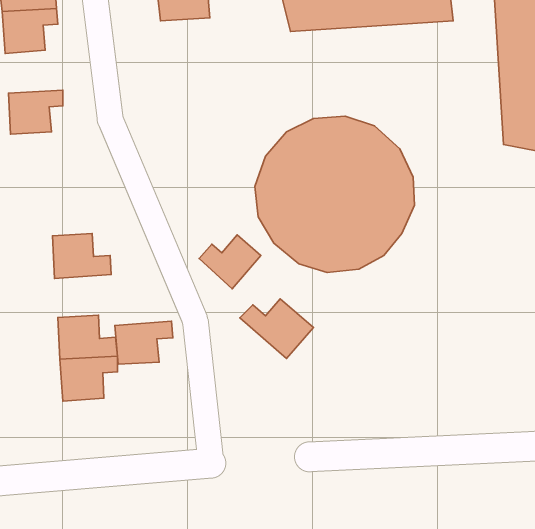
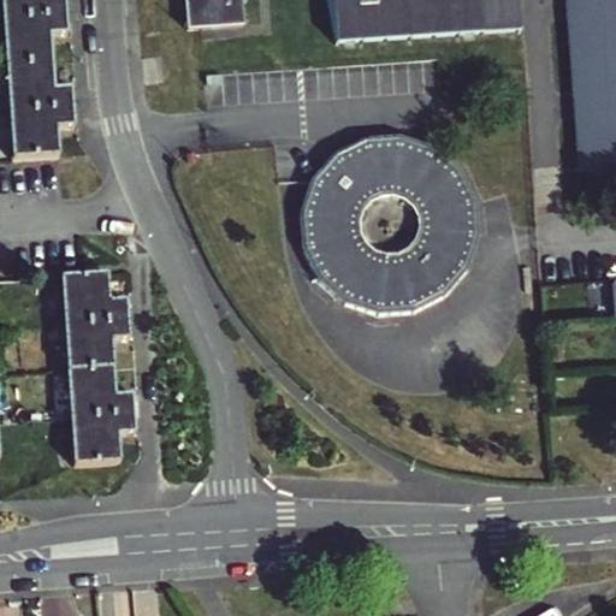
building: none -> [7,58,73,107]
building: [199,235,261,289] -> none
building: [240,299,313,359] -> none
building: [115,321,173,364] -> [64,315,130,365]

